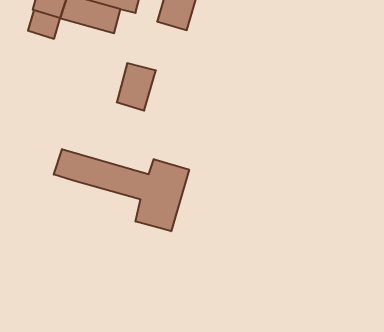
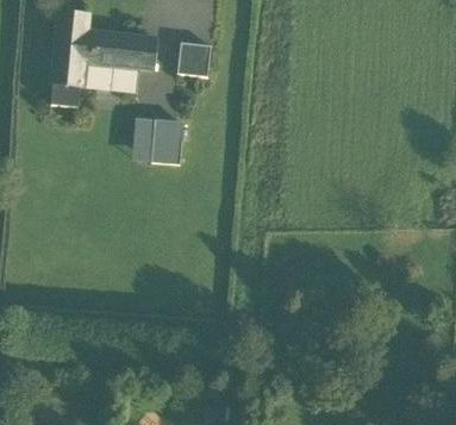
building: none -> [131,118,154,160]
building: [54,149,189,231] -> none

